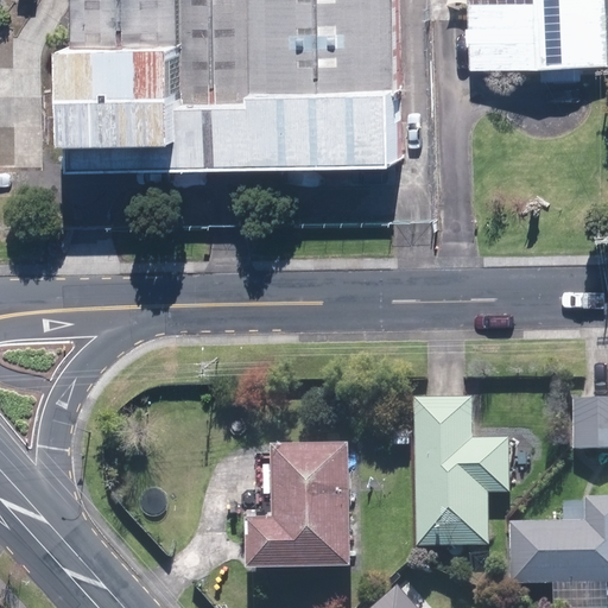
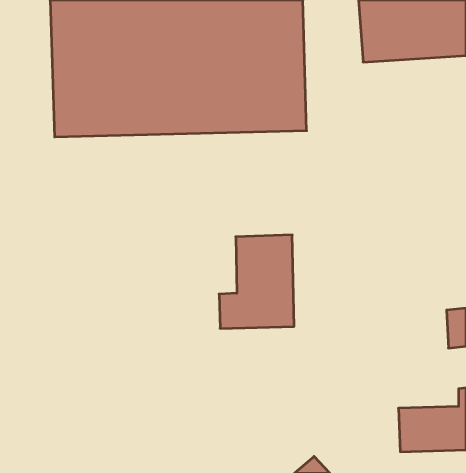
building: [417,398,505,540] -> none
building: [258,442,354,562] -> [219,235,294,328]

